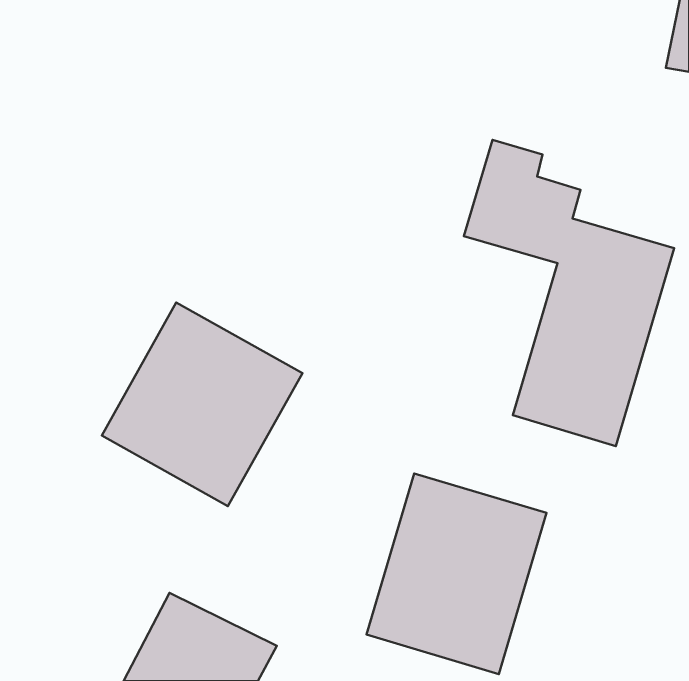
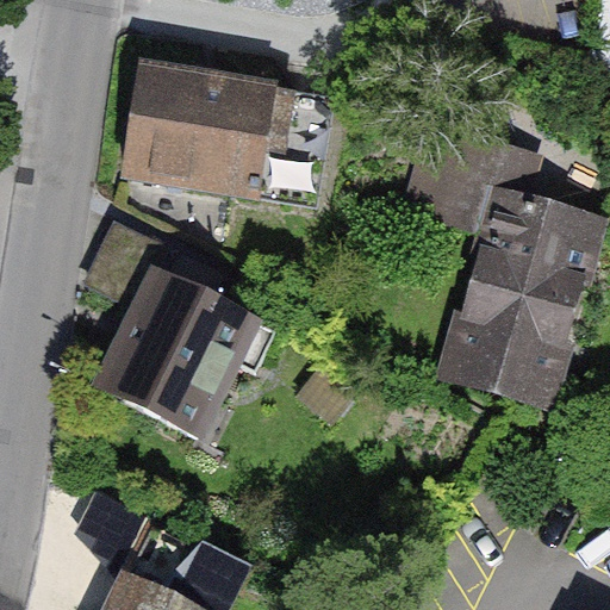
building: none -> [124,68,328,194]
building: [366,473,546,674] -> none

